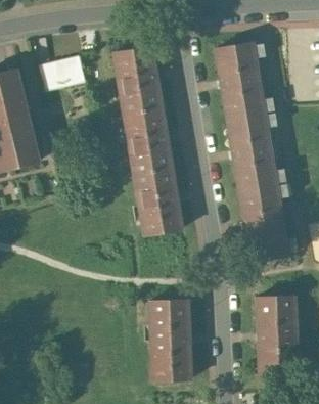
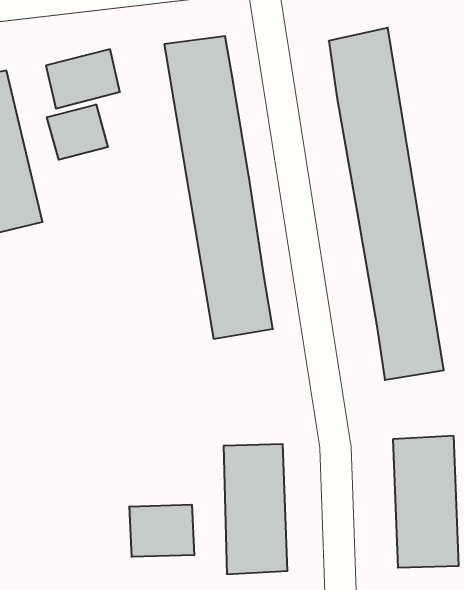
building: none -> [47,104,108,160]
building: none -> [129,505,194,557]

